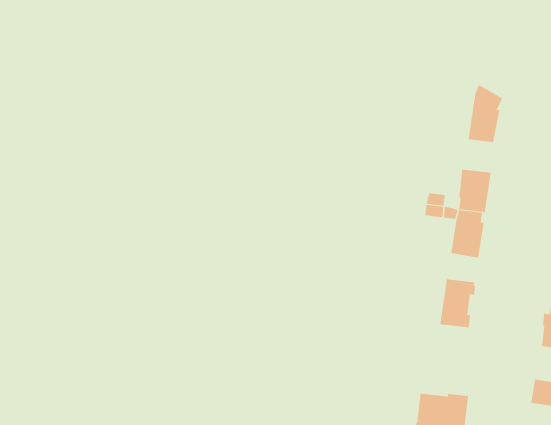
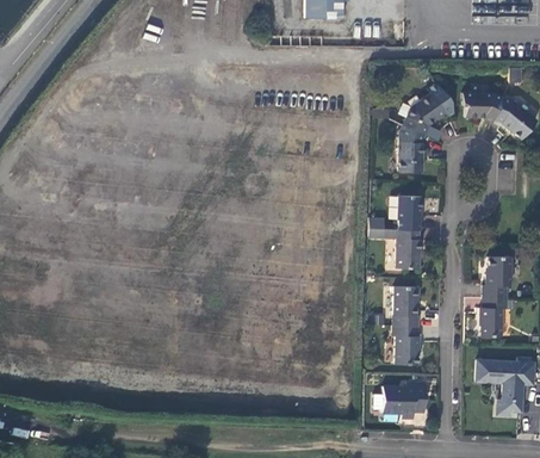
building: none -> [403,89,446,134]
building: none -> [393,326,420,364]

